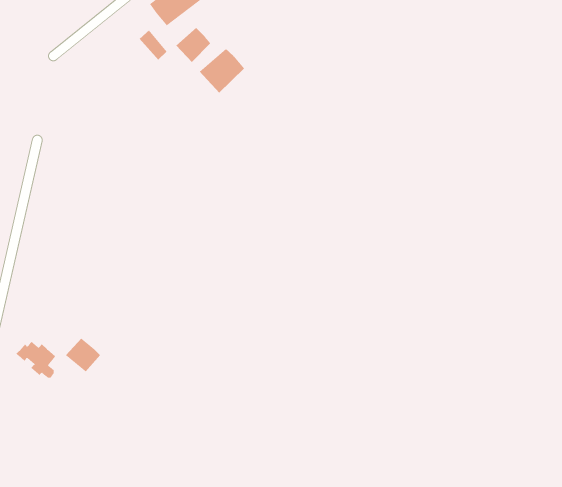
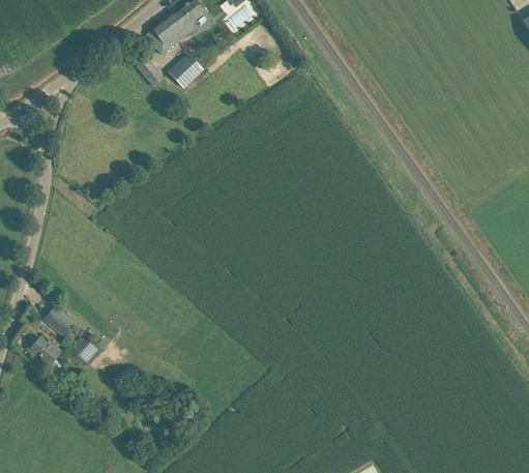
building: [199,48,245,94] -> none
building: none -> [43,306,74,335]

